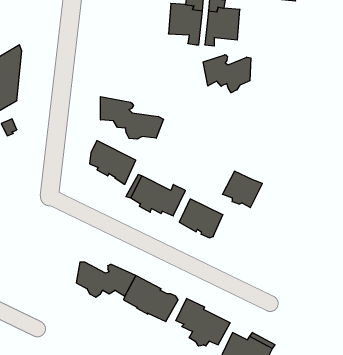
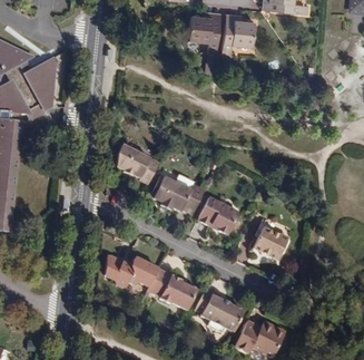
building: [203,55,251,93] -> none
building: [100,97,163,139] -> none
building: [222,171,262,208] -> [254,226,291,260]

